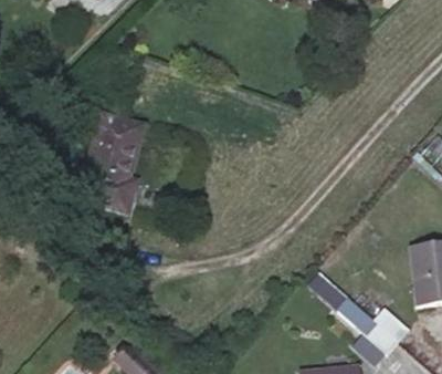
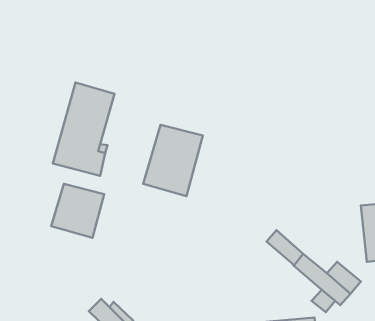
building: none -> [143,125,203,196]
building: none -> [51,184,104,238]

